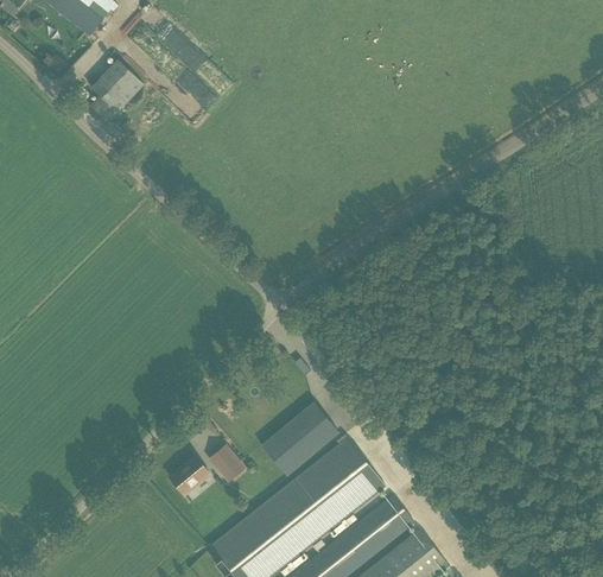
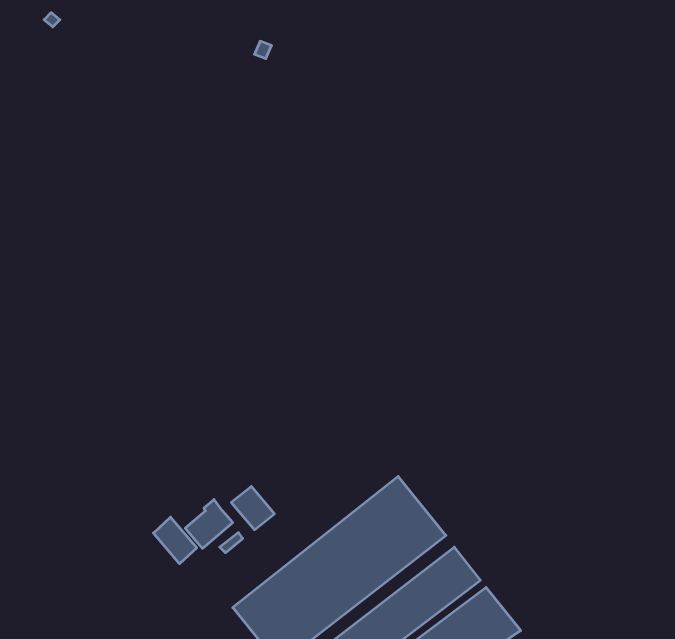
building: [90,62,144,123] -> none
building: [261,402,338,476] -> none
building: none -> [153,517,197,564]

